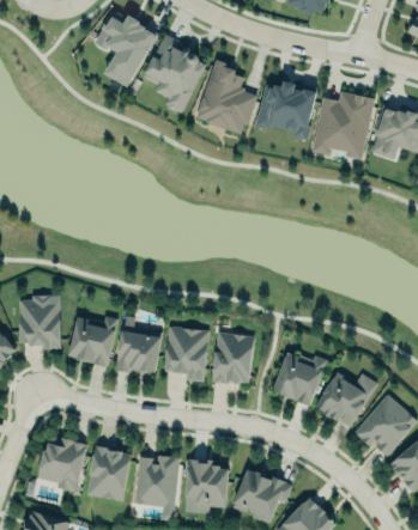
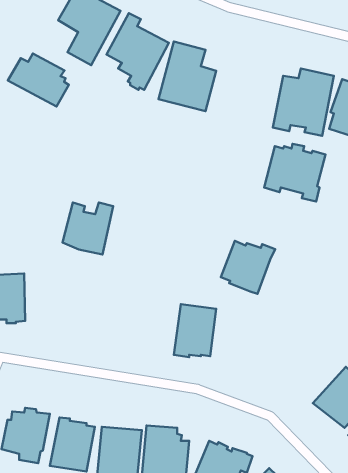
building: none -> [8,53,69,107]
building: [255,81,317,140] -> [264,144,326,202]
building: [67,315,119,367] -> [62,203,113,254]
building: [164,328,208,382] -> none
building: [116,331,160,372] -> none
building: [272,352,327,406] -> [221,241,275,294]
building: [315,372,377,428] -> none

